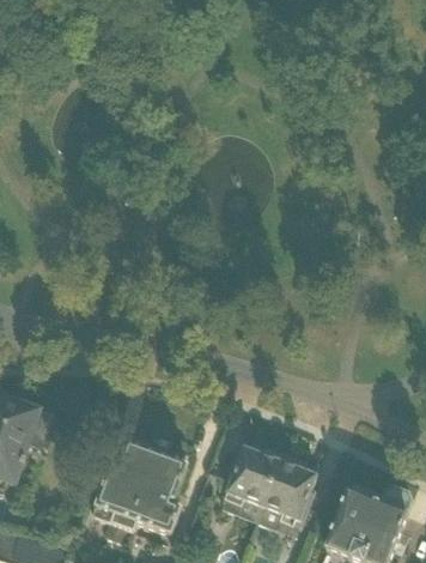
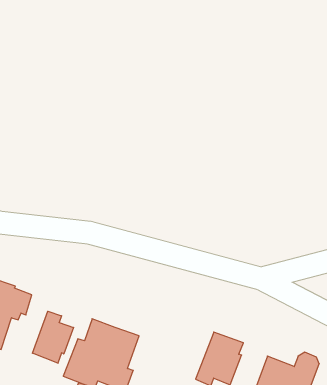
building: none -> [32,311,74,363]
building: [220,444,279,517] -> none

